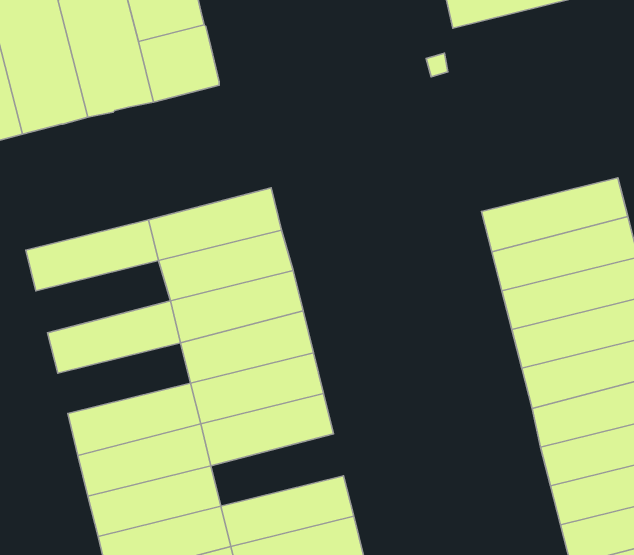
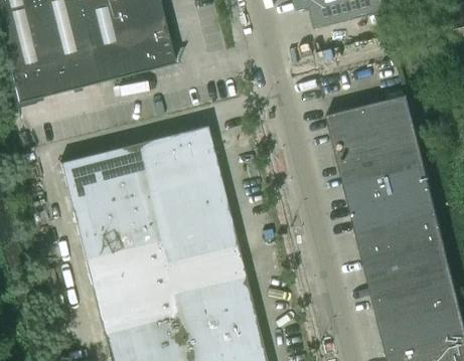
building: none -> [326,95,414,139]
building: none -> [65,168,146,211]
building: none -> [79,217,158,259]
building: none -> [170,272,250,315]

